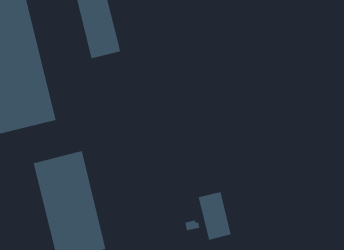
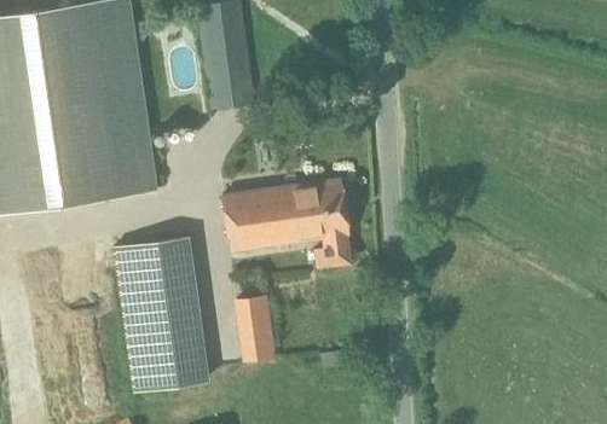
building: none -> [222,181,351,269]
building: [198,191,232,240] -> [235,296,277,364]

